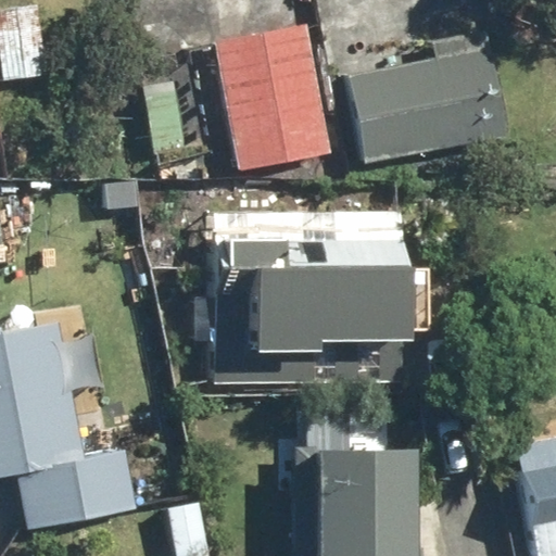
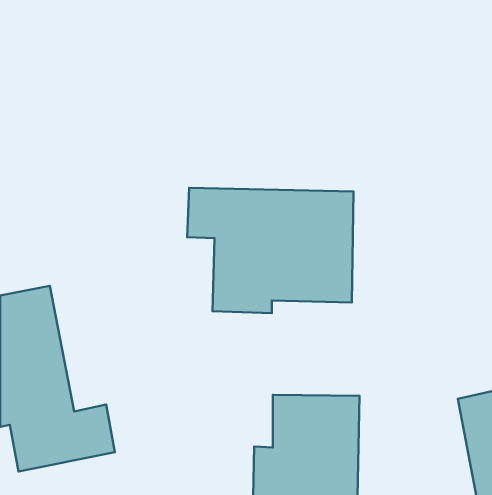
building: [211,22,332,175] -> none
building: [348,27,514,169] -> none

